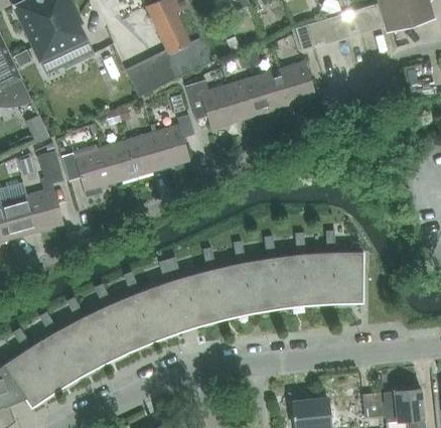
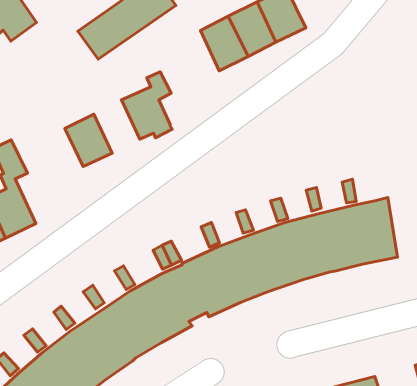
building: [184,80,238,130] -> none
building: [127,133,162,176] -> none
building: [74,149,111,191] -> none

